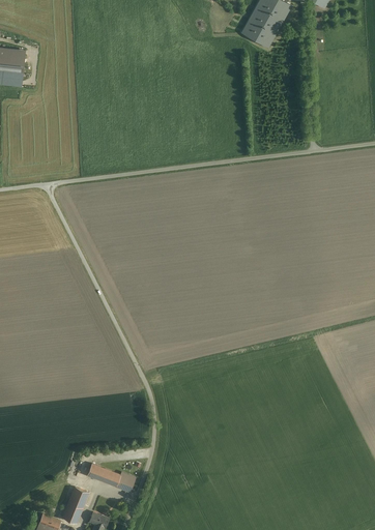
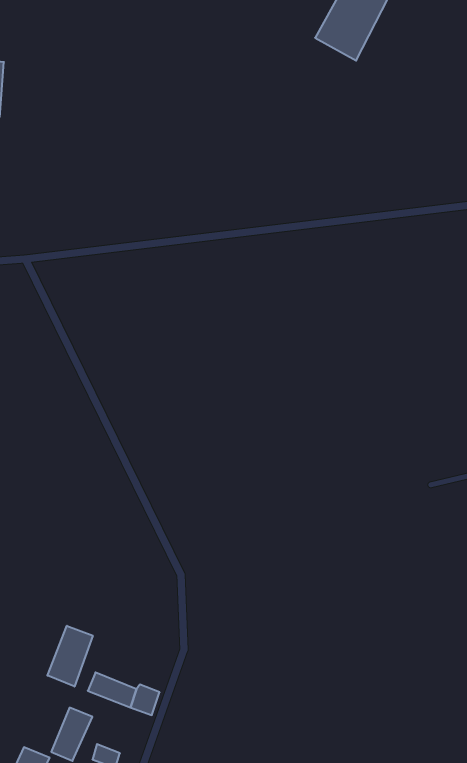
building: none -> [47,626,93,687]

